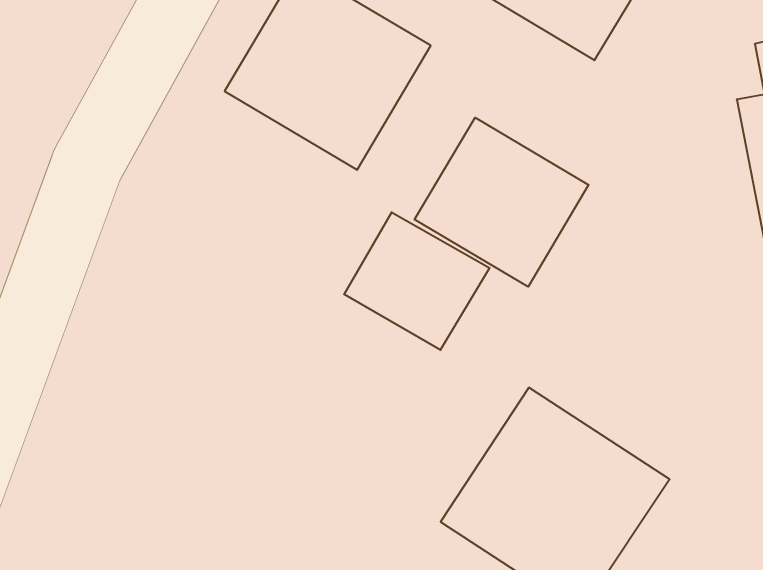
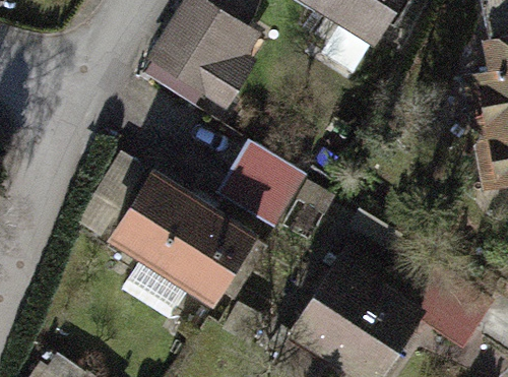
building: [415,118,589,287] -> none
building: none -> [109,170,258,305]

